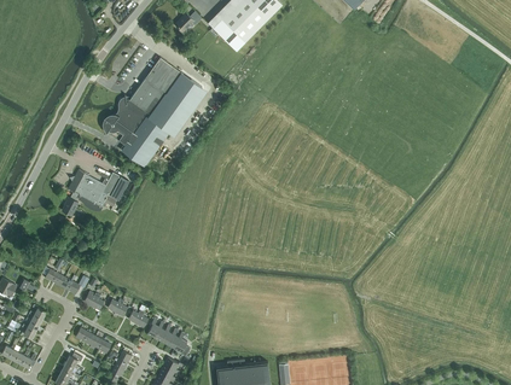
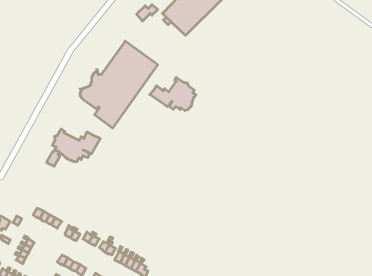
building: none -> [150,77,196,111]

